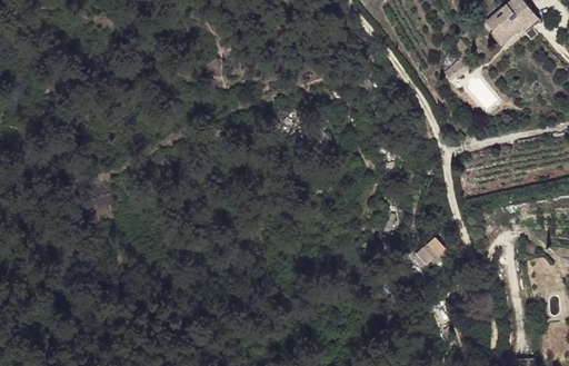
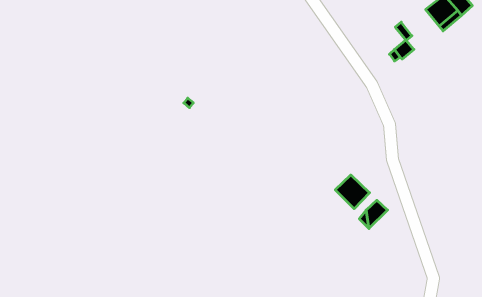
building: none -> [335,175,370,209]

